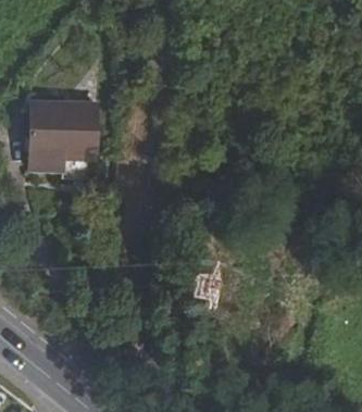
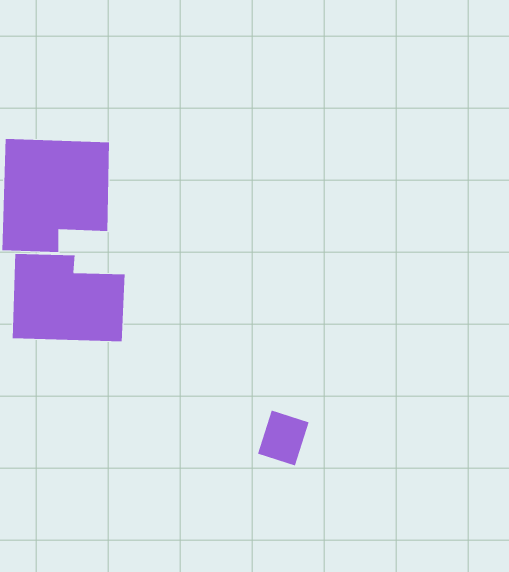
building: none -> [12,253,125,342]

